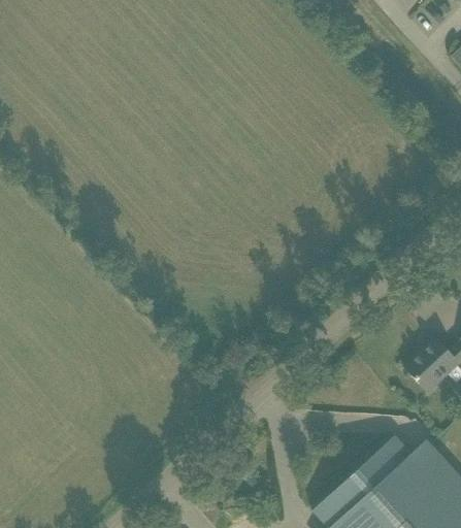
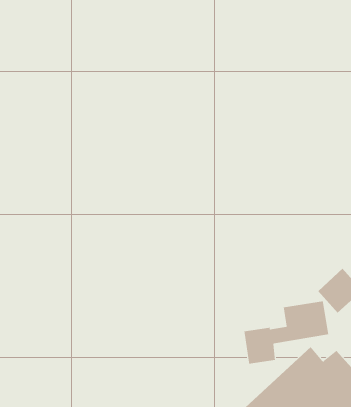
building: none -> [244,301,329,364]

